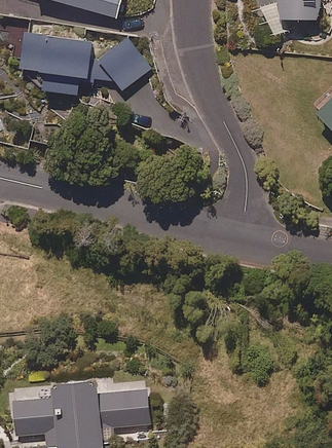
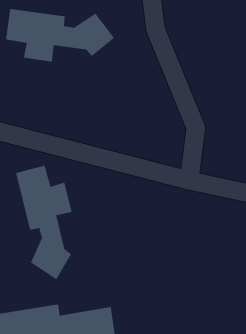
building: none -> [16,165,72,280]

